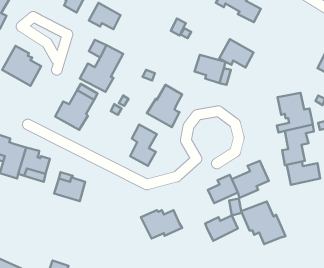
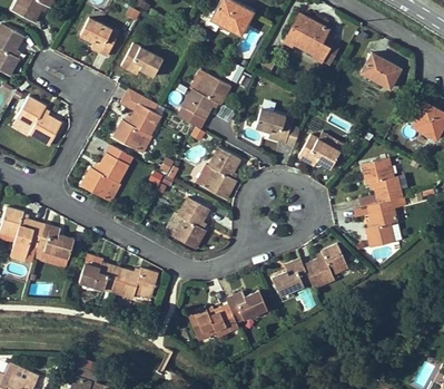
building: none -> [359,49,402,87]
building: none -> [180,71,231,127]
building: [219,39,254,67] -> [298,133,342,168]
building: [287,161,320,185] -> none
building: none -> [111,269,158,300]
building: [241,202,285,244] -> none
building: [205,215,238,241] -> [227,289,268,321]

